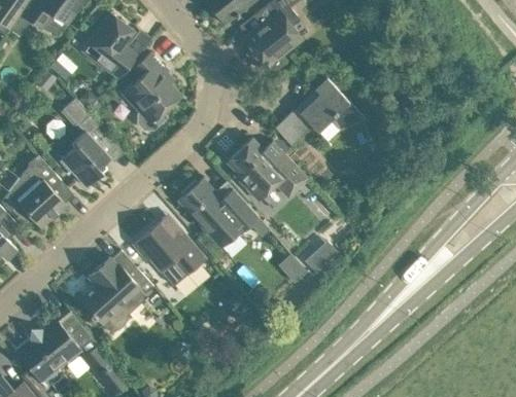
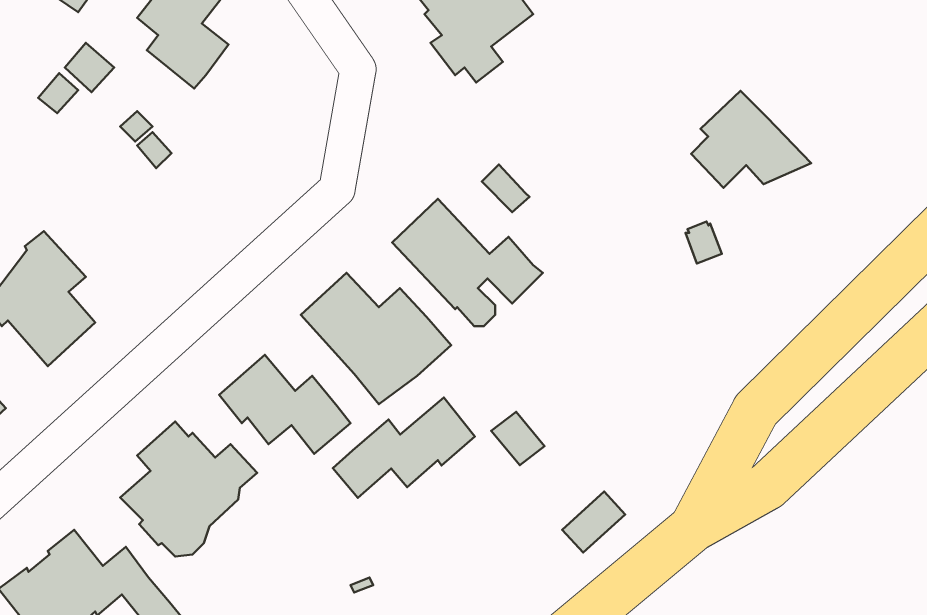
building: [122,52,181,129] -> none
building: [300,78,365,131] -> [691,91,811,188]
building: [61,97,110,186] -> none
building: [304,240,338,273] -> [562,492,625,553]
building: none -> [333,398,475,498]

